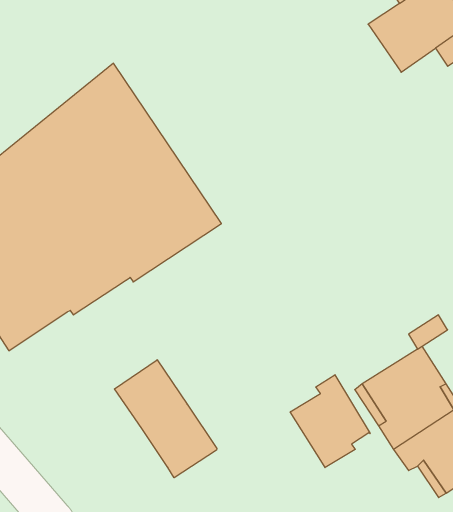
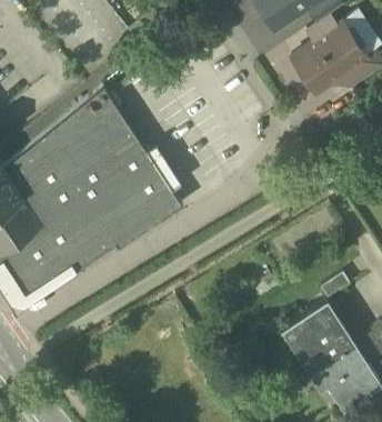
building: [114,360,217,478] -> none
building: [290,375,370,468] -> none

